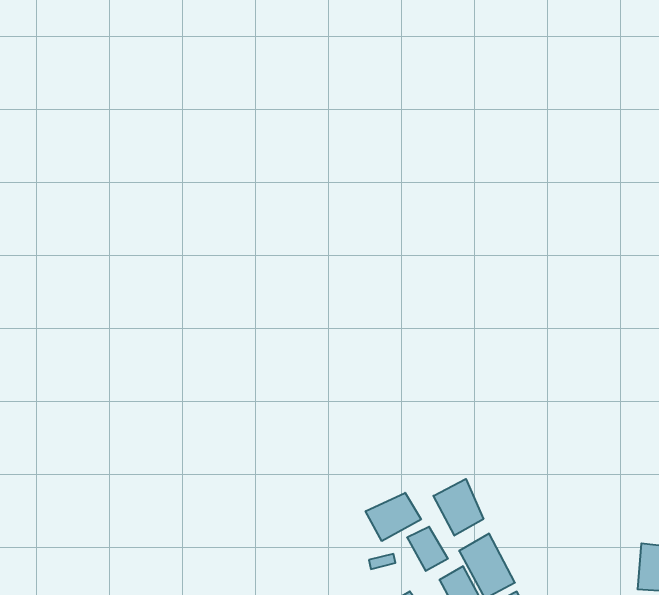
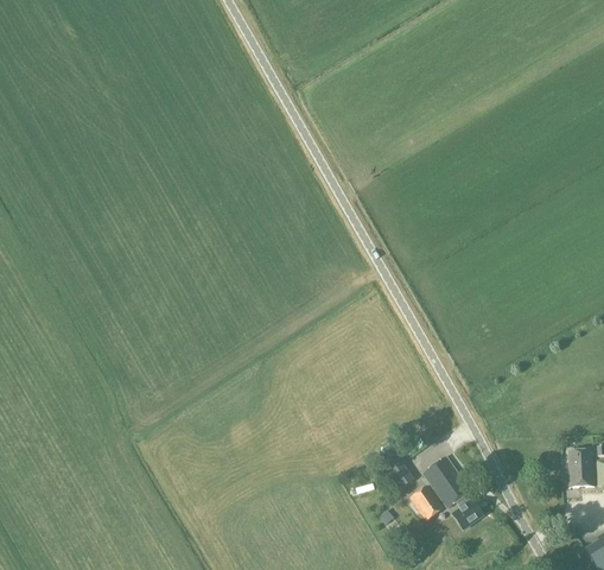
building: [433,479,483,536] -> none
building: [366,493,421,541] -> none

